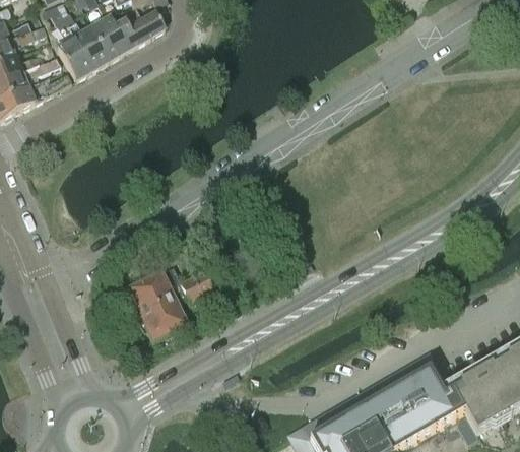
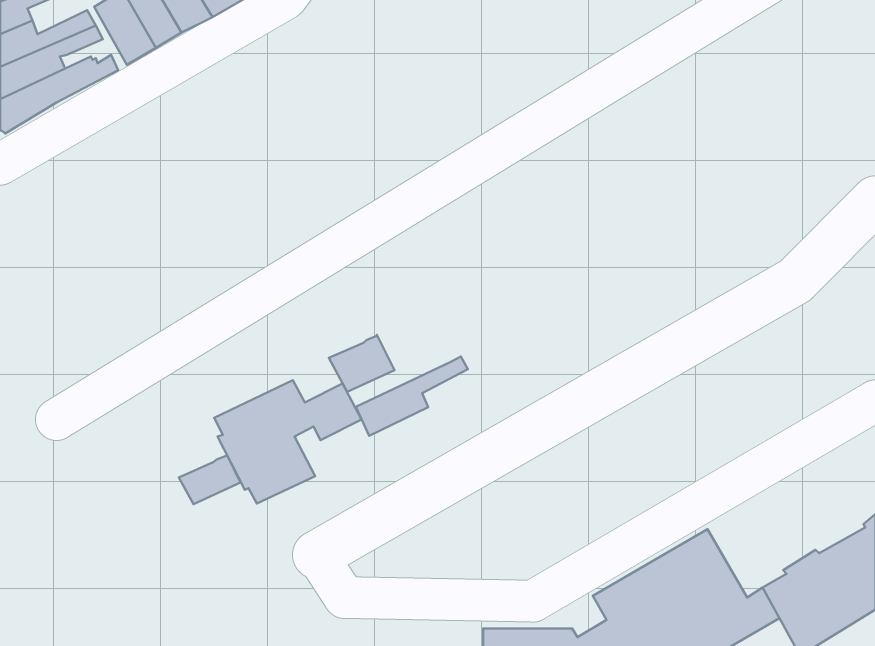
building: none -> [329,335,394,392]
building: none -> [356,357,468,436]
building: none -> [179,455,241,504]

